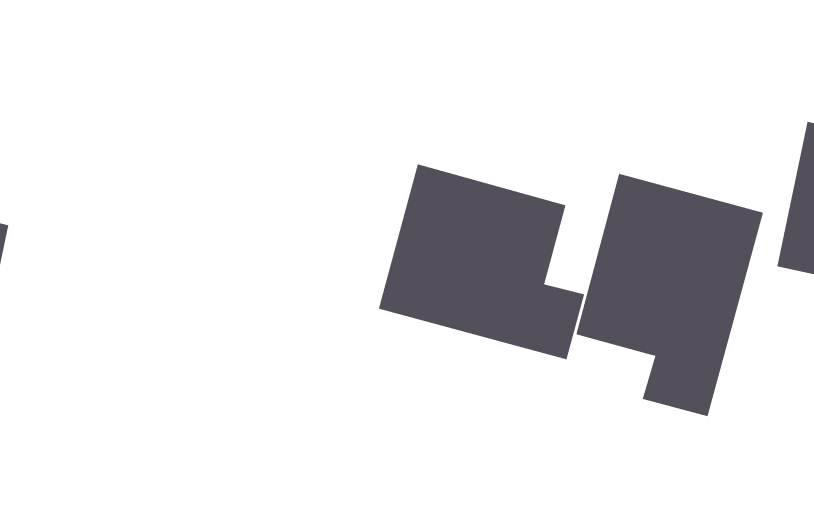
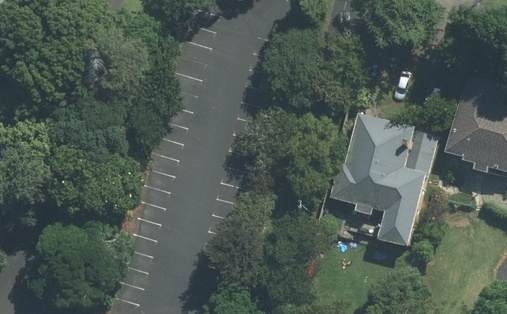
building: [378,164,585,360] -> none

